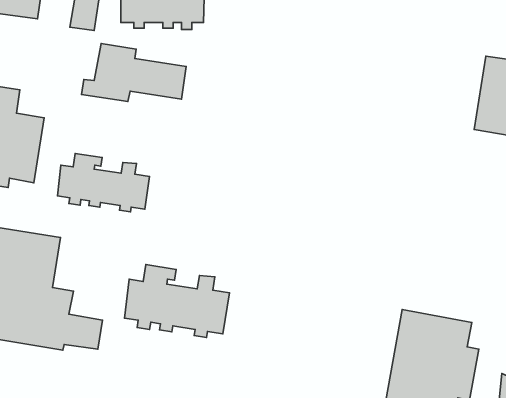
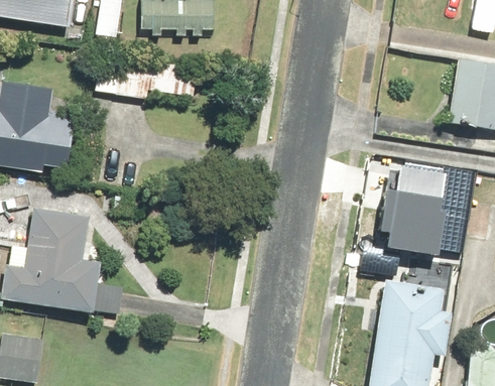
building: [58,153,150,212] -> none
building: none -> [383,164,447,254]
building: [124,265,229,337] -> none

